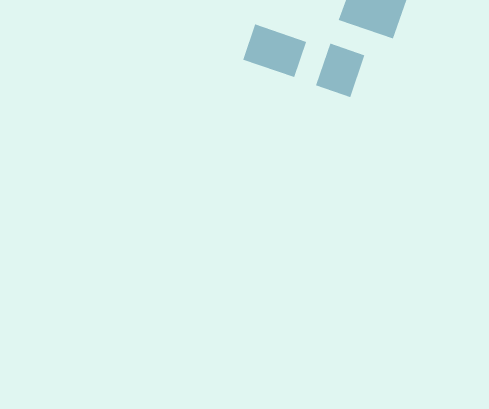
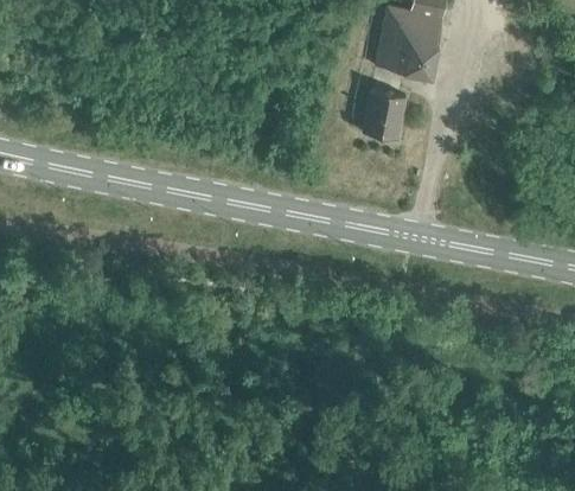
building: [242,24,307,78] -> none

